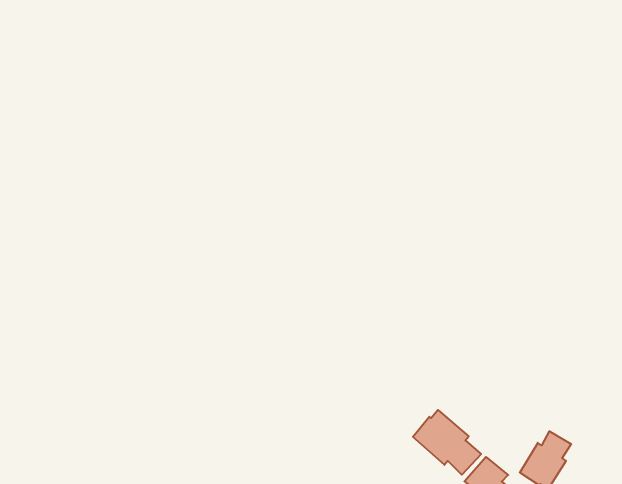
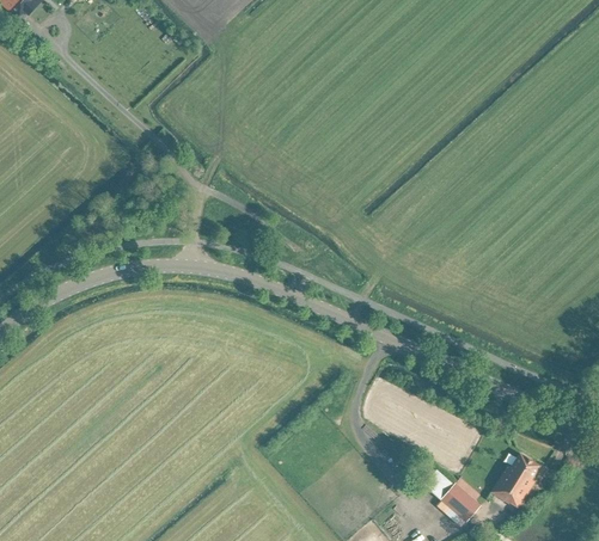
building: [413,410,481,475] -> none

